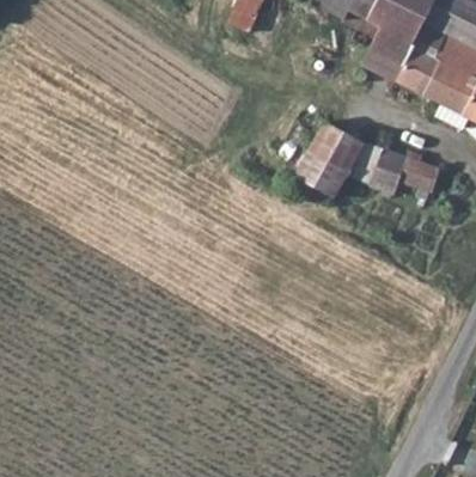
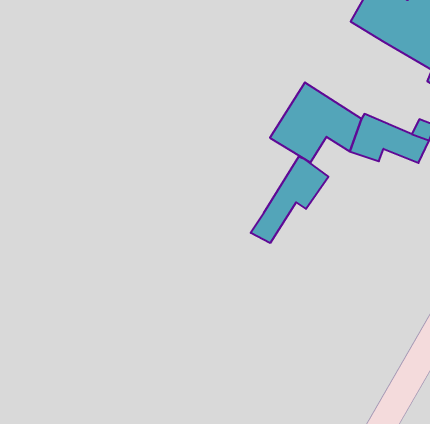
building: none -> [251,157,328,243]

